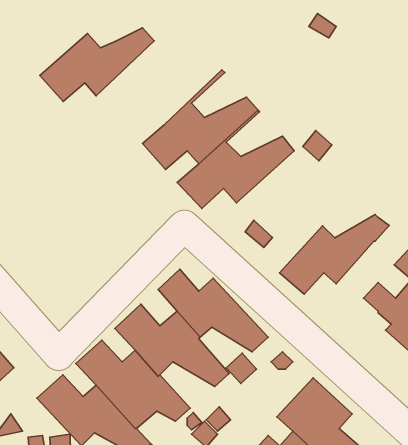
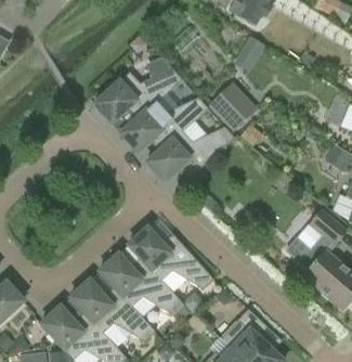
building: [40,28,154,101] -> [93,67,179,122]
building: none -> [210,82,259,131]
building: [279,215,389,294] -> none

